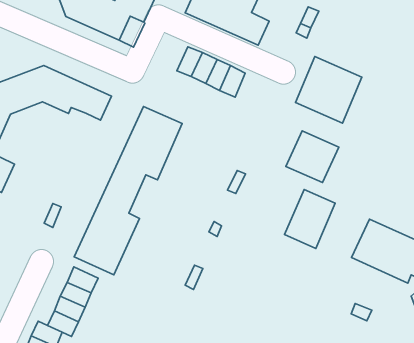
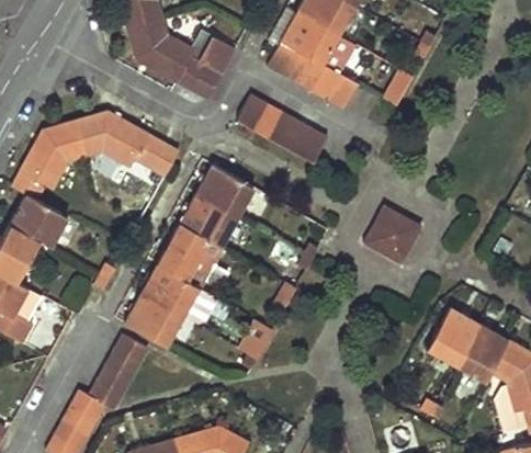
building: [295,56,362,123] -> none
building: [284,189,335,248] -> none

